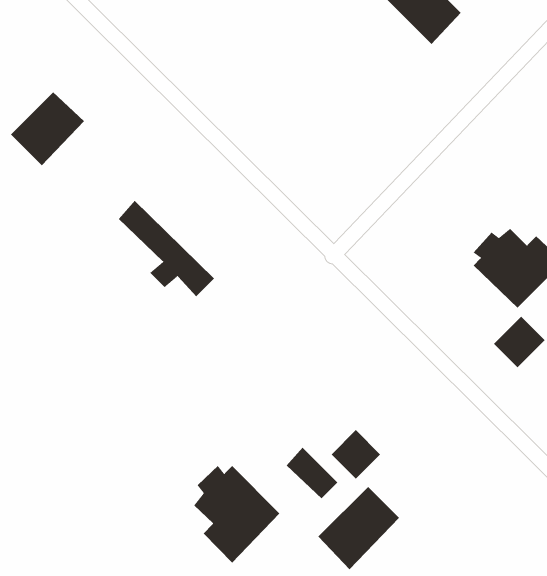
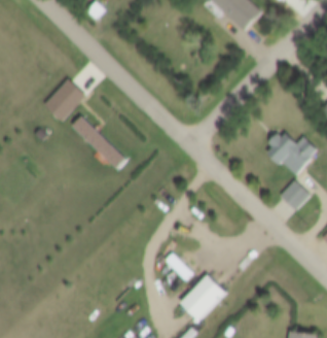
building: [10,91,85,166] -> [44,79,85,121]
building: [331,429,381,480] -> none
building: [194,465,280,564] -> none

